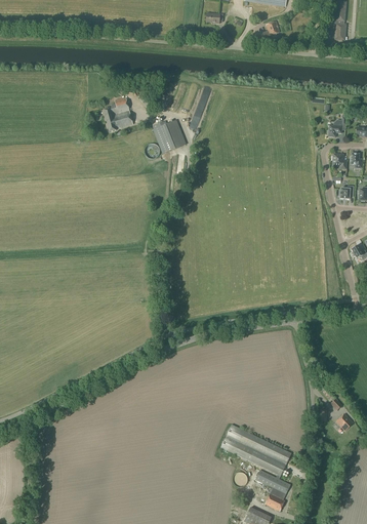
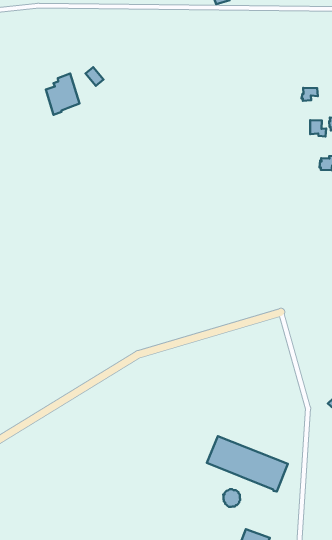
building: [153,120,186,154] -> none
building: [248,470,290,511] -> none

